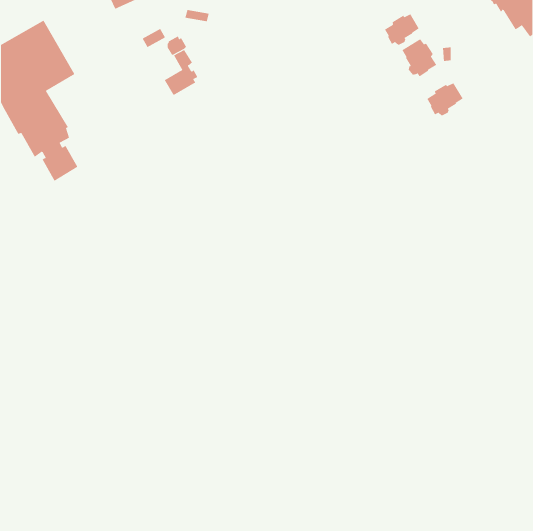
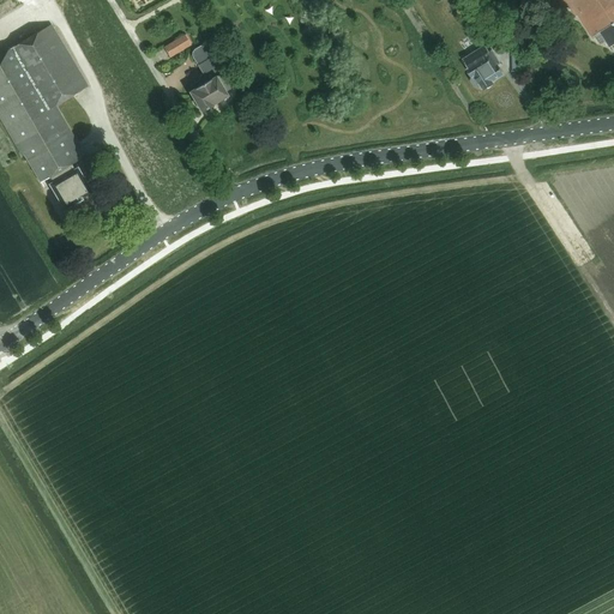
building: [384,14,420,45] -> none
building: [426,83,463,116] -> none

